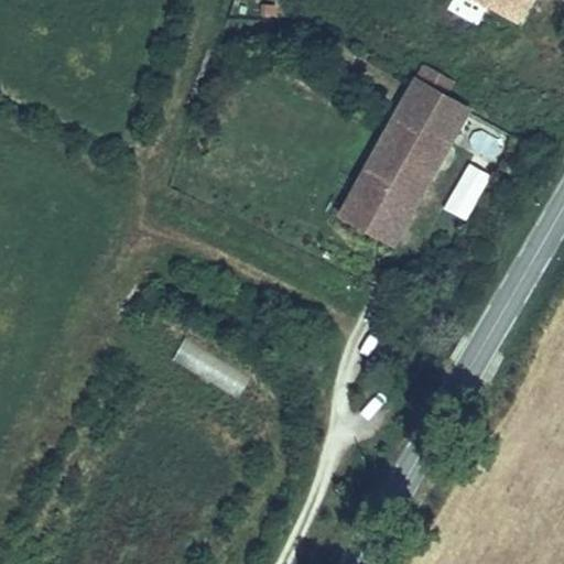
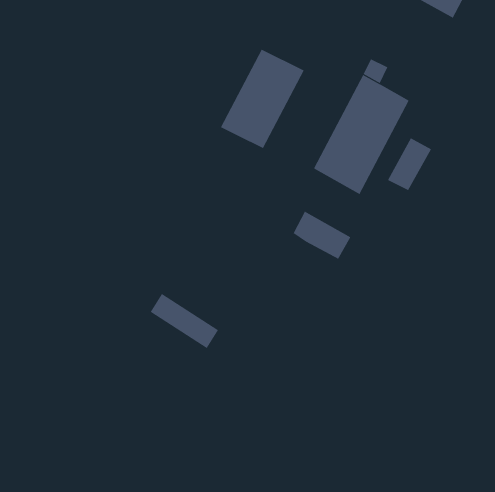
building: none -> [220,49,304,149]
building: [341,191,408,246] -> [293,211,351,260]

